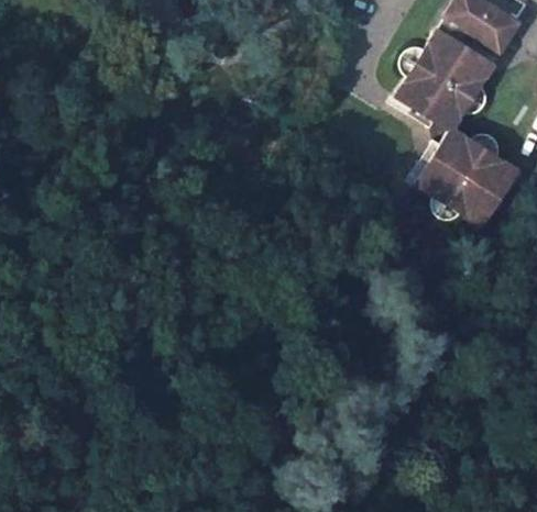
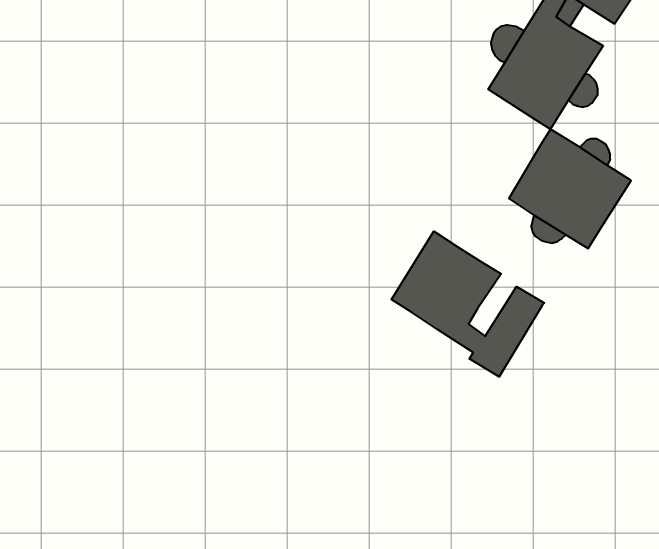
building: none -> [391,231,544,377]

